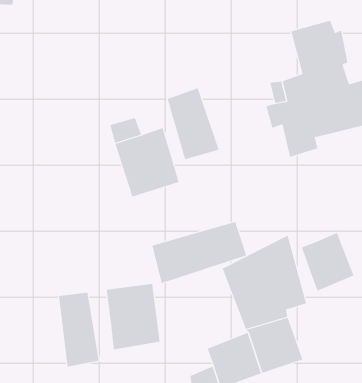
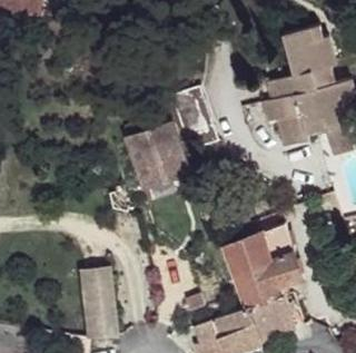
building: [152,221,247,284] -> none
building: [301,232,354,292] -> none
building: [106,283,160,350] -> none

